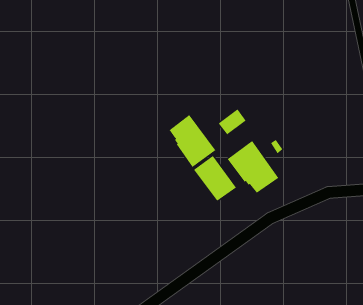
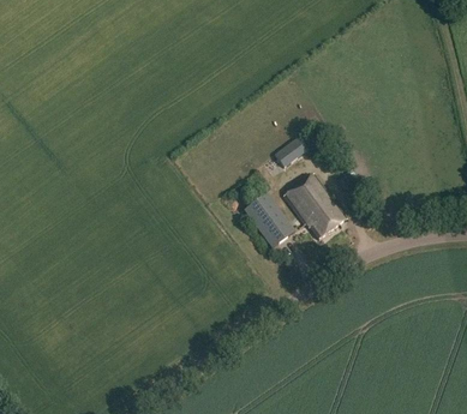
building: [169,114,216,168] -> none

